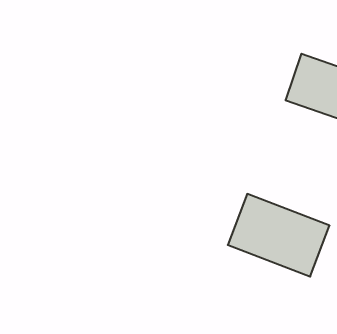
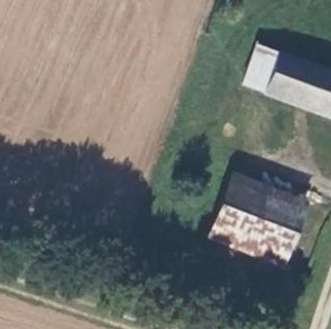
building: none -> [242,46,278,96]

